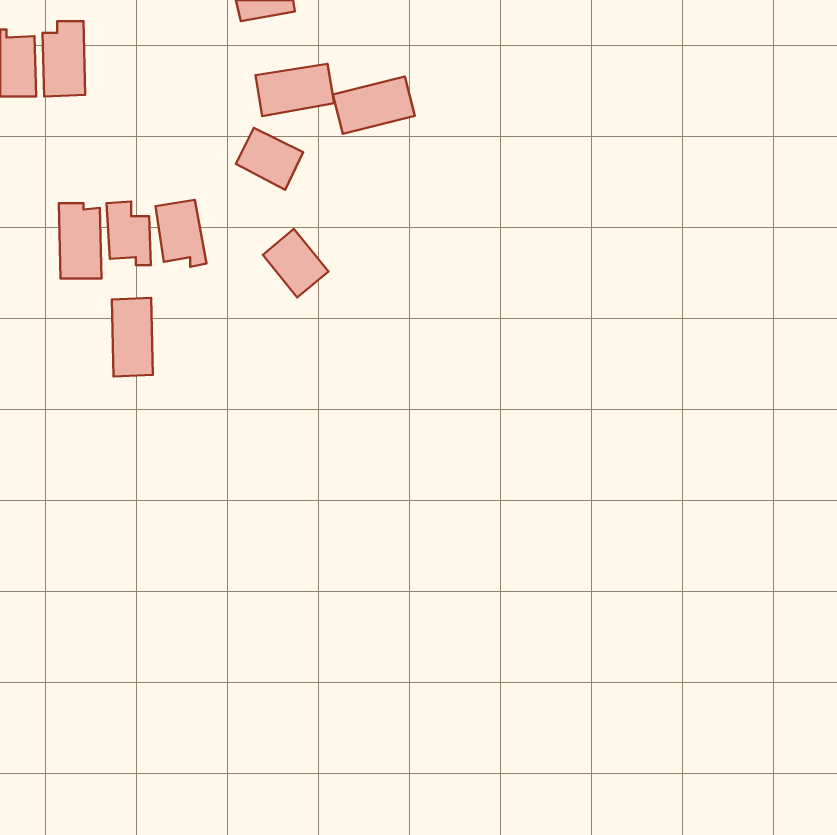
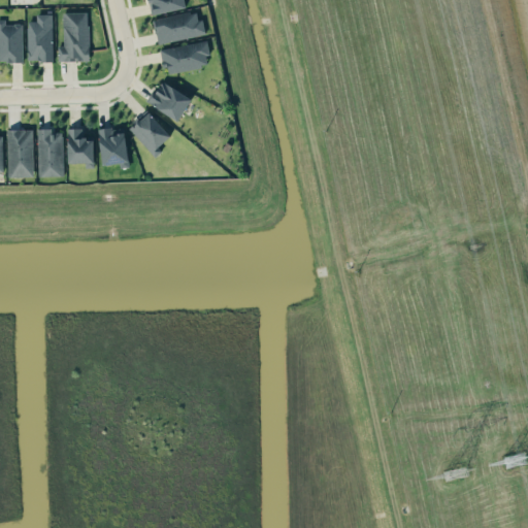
building: none -> [58,12,89,62]
building: [333,77,415,134] -> [153,9,204,45]
building: [263,229,328,298] -> [130,111,171,155]
building: [112,298,153,377] -> [7,129,33,178]

